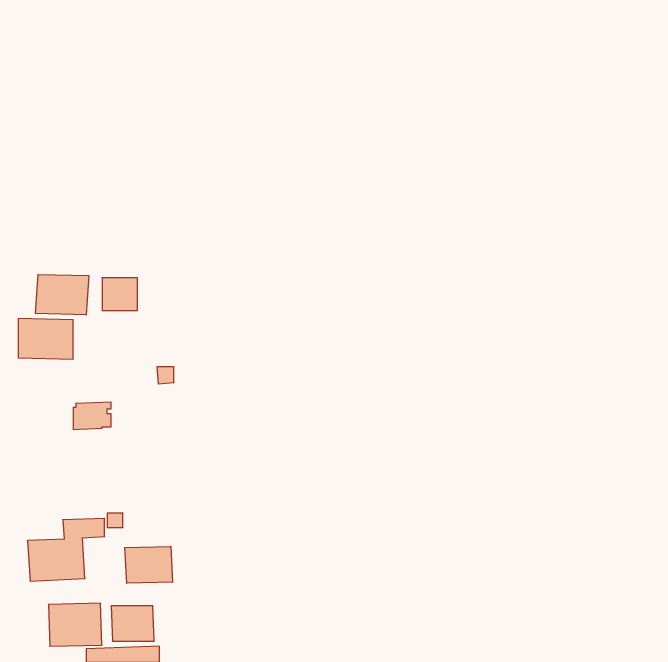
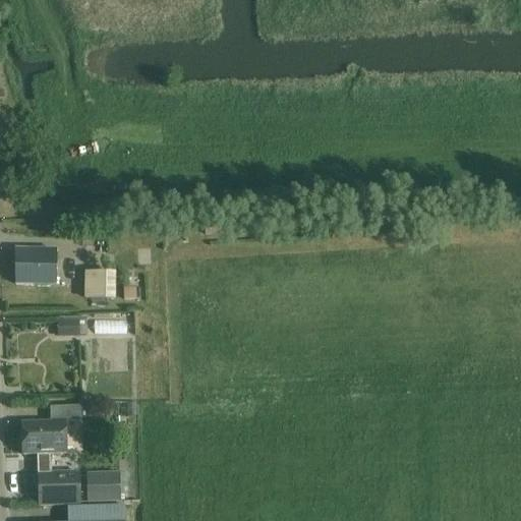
building: [36,274,89,315] -> none
building: [102,278,137,310] -> [86,272,114,297]
building: [125,546,173,583] -> none

